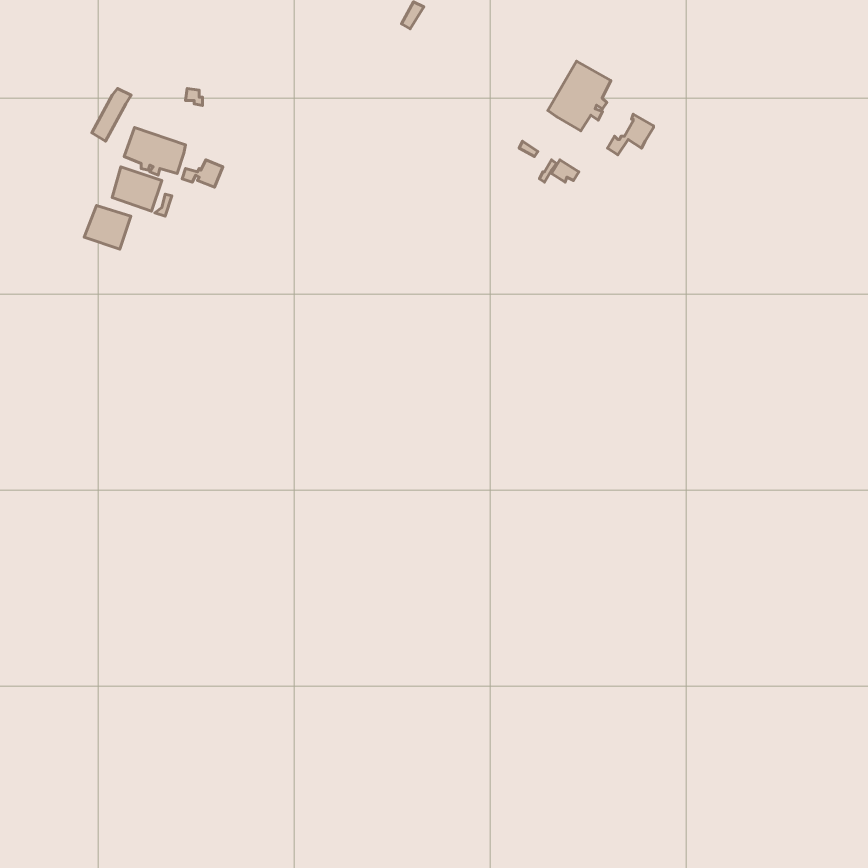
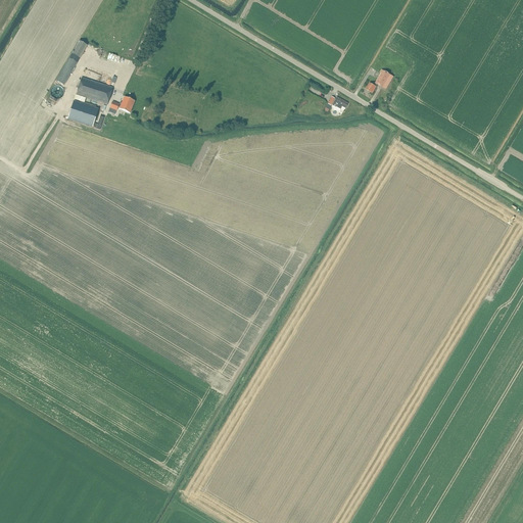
building: [548,61,611,131] -> none
building: [84,205,131,249] -> none

